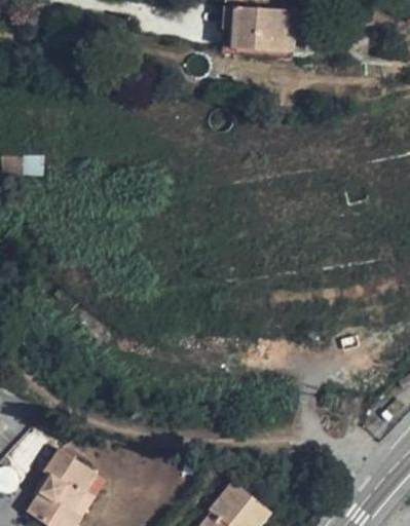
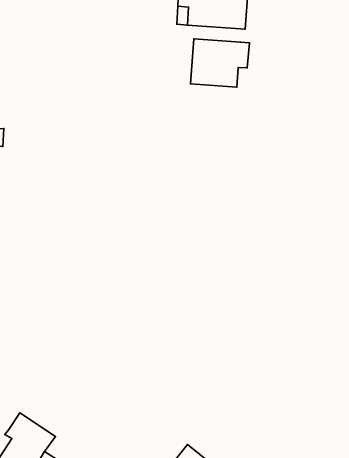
building: none -> [191,39,249,87]

